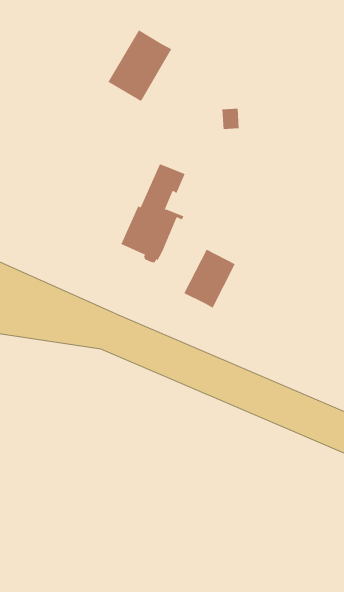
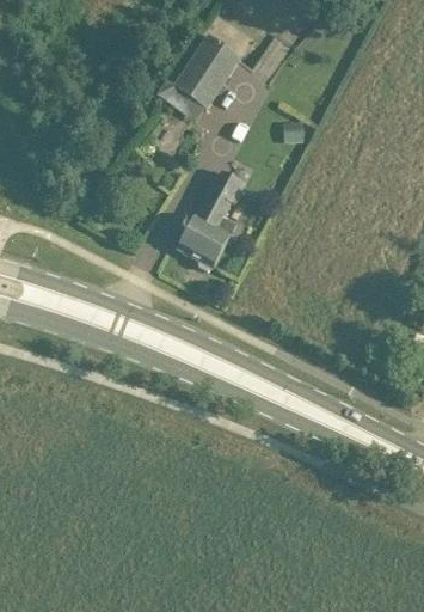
building: [184,249,236,308] -> none

